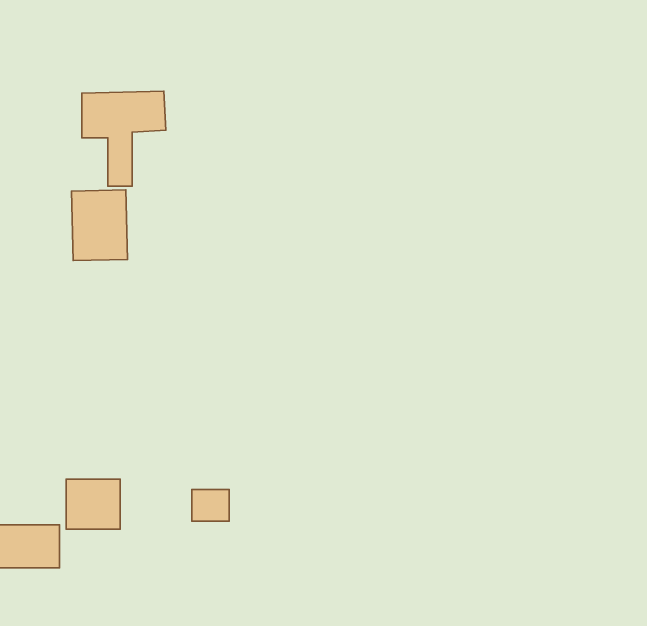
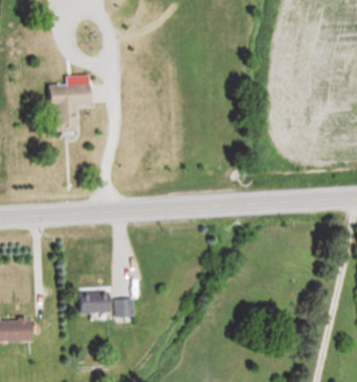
building: [72,190,128,261] -> none
building: [66,479,120,529] -> [75,287,104,314]

